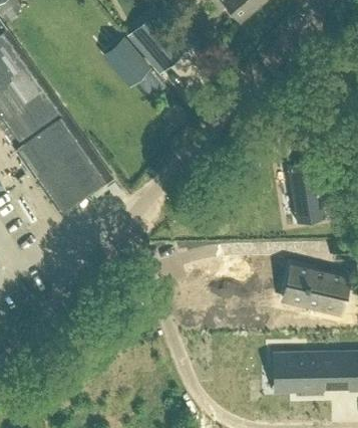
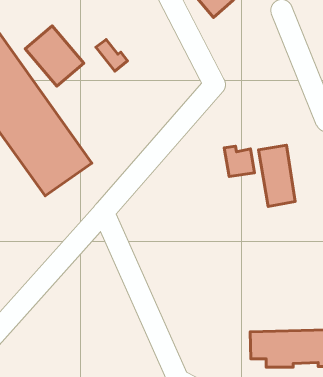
building: [127,13,189,76] -> [25,26,84,86]
building: none -> [224,146,255,176]
building: [283,264,348,309] -> none

